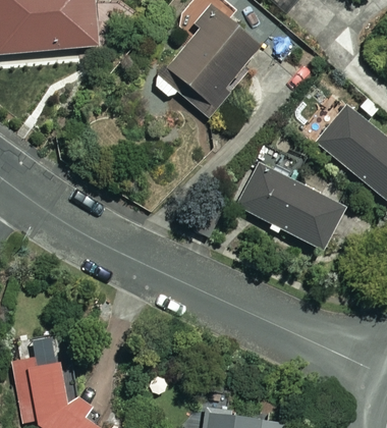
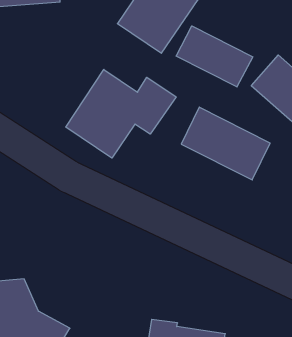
building: none -> [176,26,253,87]
building: none -> [66,69,176,158]

